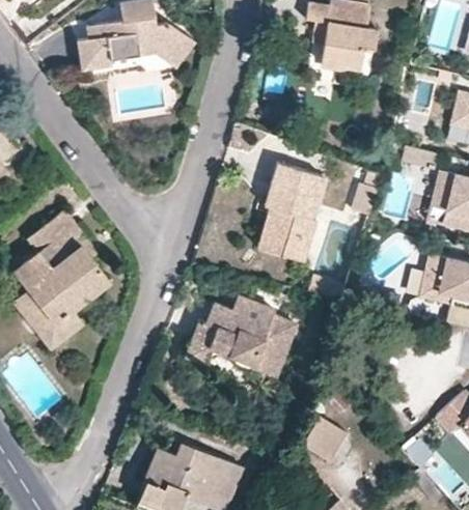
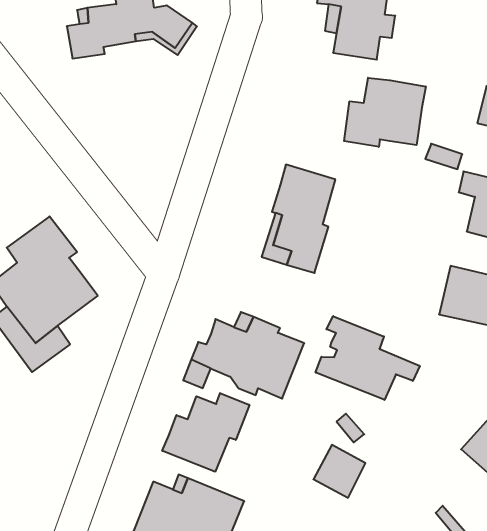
building: none -> [344,78,426,147]
building: none -> [316,316,420,400]
building: none -> [162,393,249,472]

